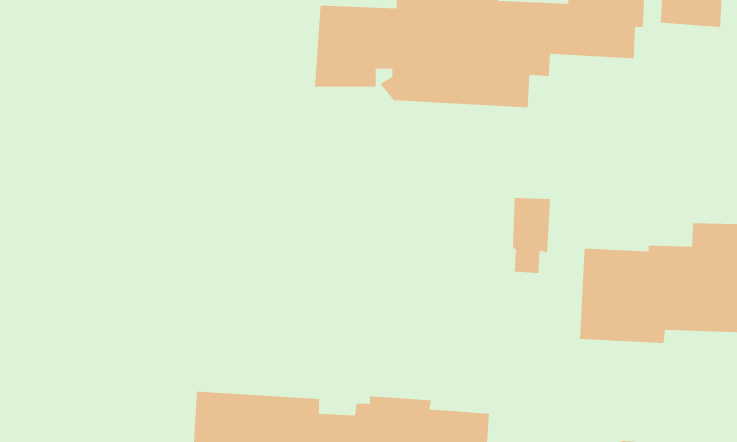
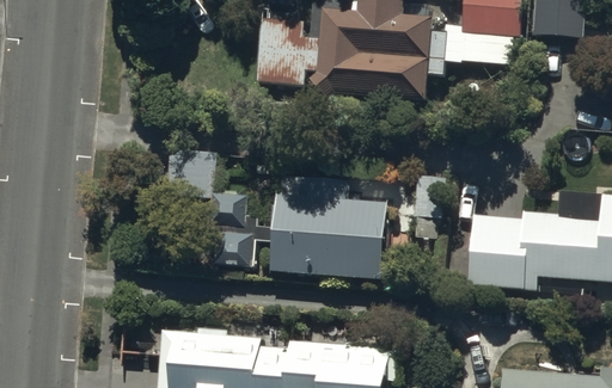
building: none -> [167,140,387,278]

